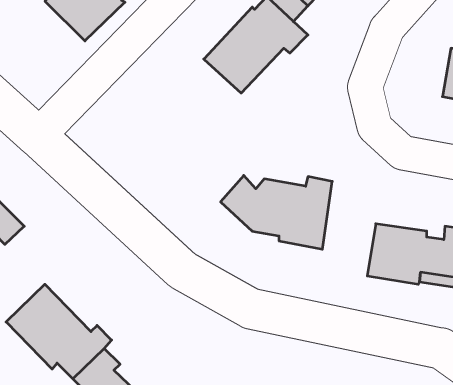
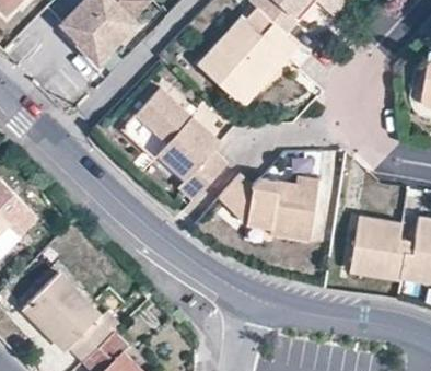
building: none -> [129,86,221,196]

